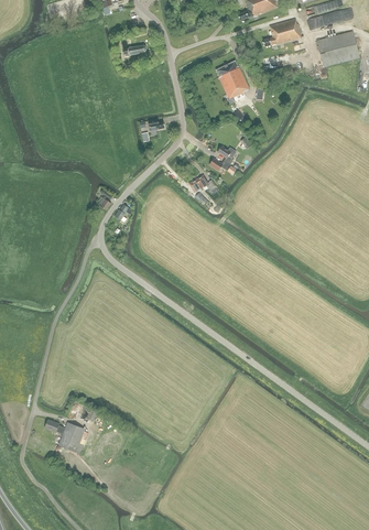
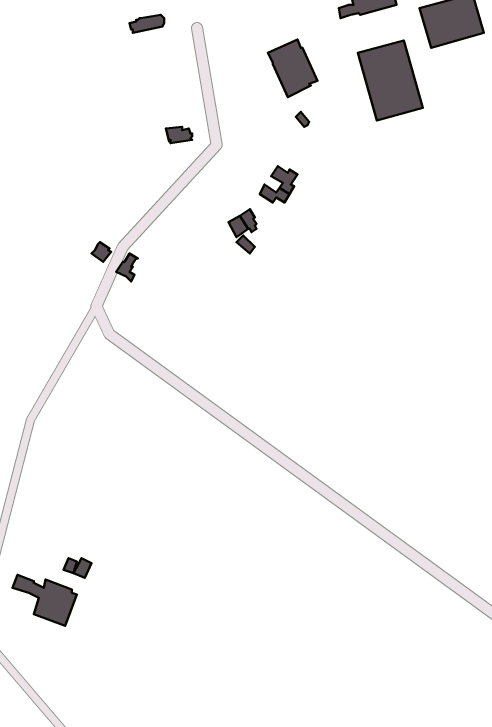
building: none -> [358,41,423,120]

